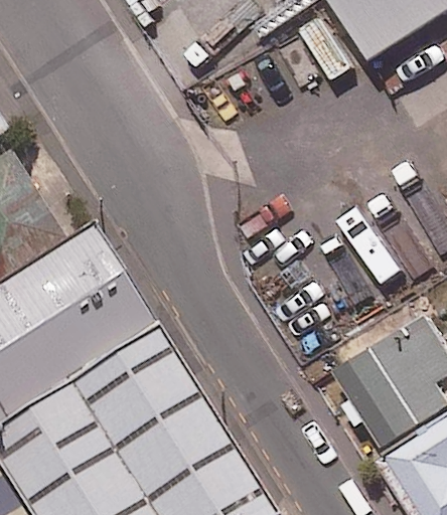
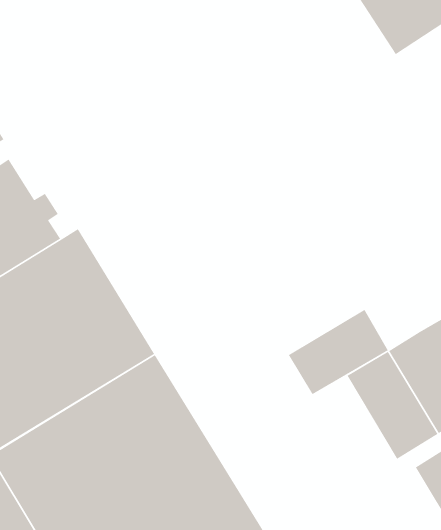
building: none -> [288,309,389,395]

